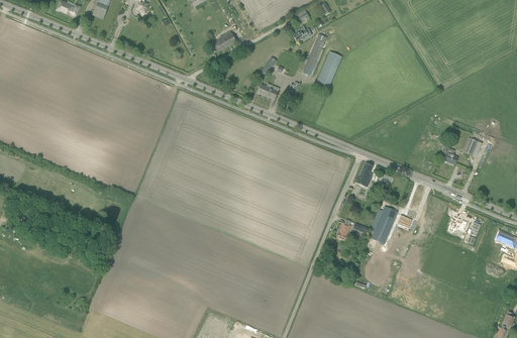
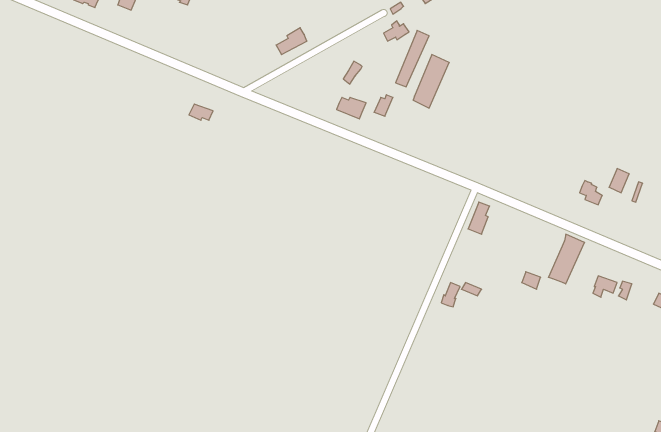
building: [371,205,398,242] -> [548,234,585,284]

